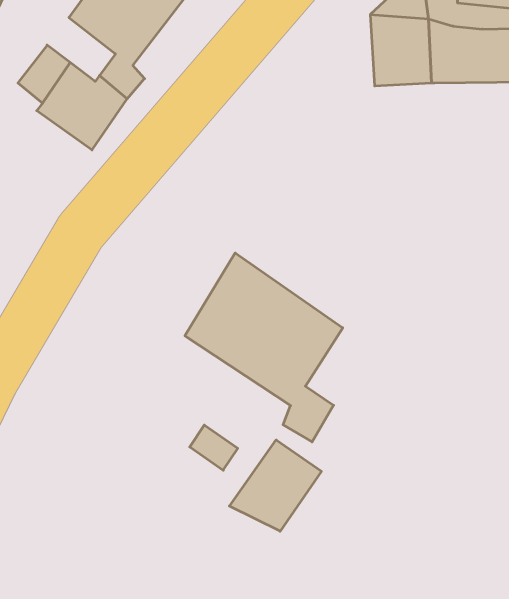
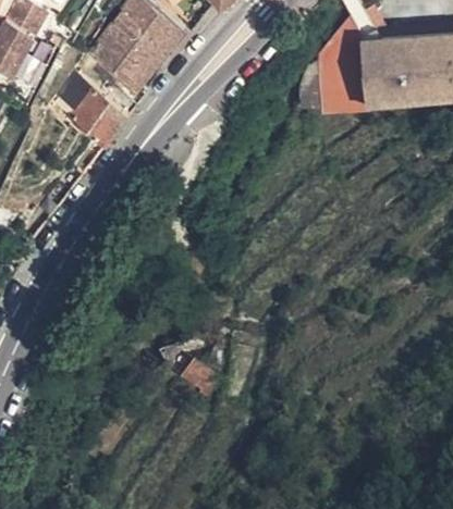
building: [185,253,343,442] -> none
building: [229,440,321,531] -> none

